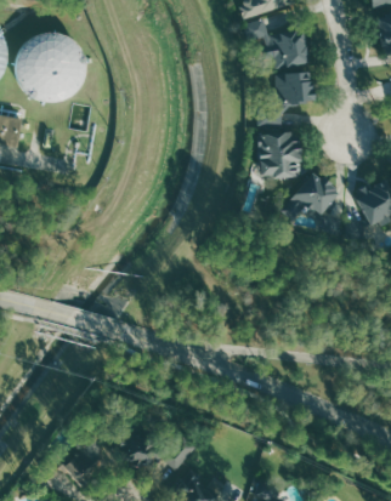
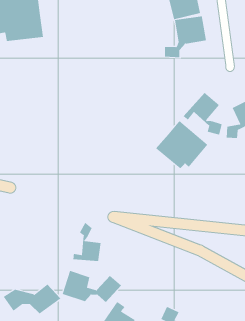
building: [257,132,302,181] -> none
building: none -> [155,120,208,169]
building: none -> [73,222,101,262]

